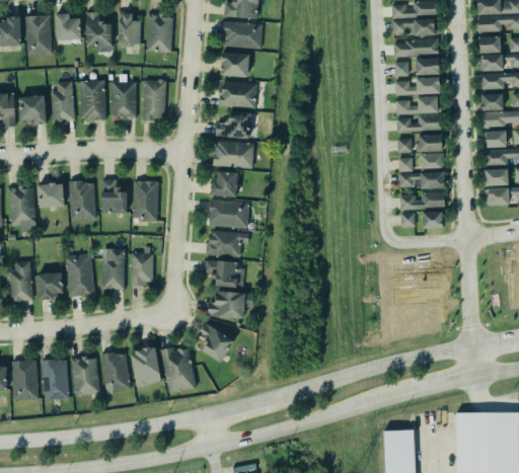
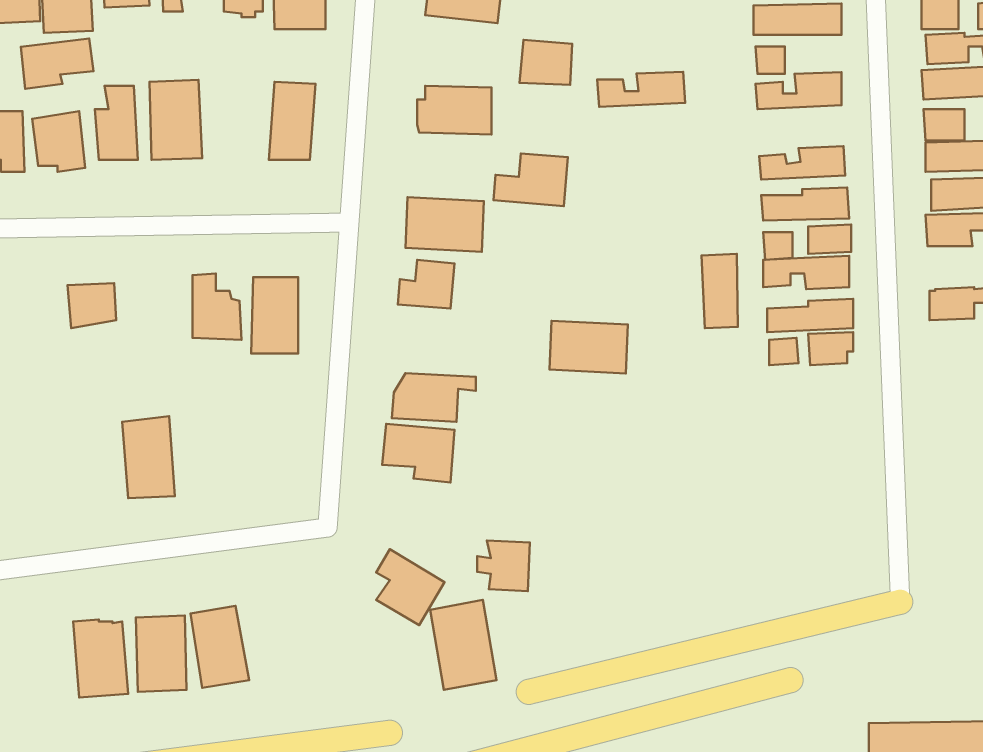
building: [221,54,248,77] -> [519,40,572,85]
building: none -> [21,38,93,89]
building: [416,58,440,75] -> none
building: [110,81,137,120] -> none
building: [395,95,441,113] -> [597,72,685,107]
building: [214,112,252,140] -> [494,153,568,206]
building: [484,167,508,184] -> none
building: none -> [702,254,738,328]
building: [71,181,97,221] -> none
building: [7,185,33,225] -> none
building: [209,200,249,227] -> [550,321,628,374]
building: [101,248,125,290] -> none
building: [130,253,153,286] -> none
building: [7,259,32,301] -> none
building: [35,270,63,299] -> none
building: [216,291,243,317] -> [477,540,530,591]
building: [162,346,197,393] -> [430,600,497,690]
building: [132,347,161,386] -> none
building: [12,361,39,400] -> none

